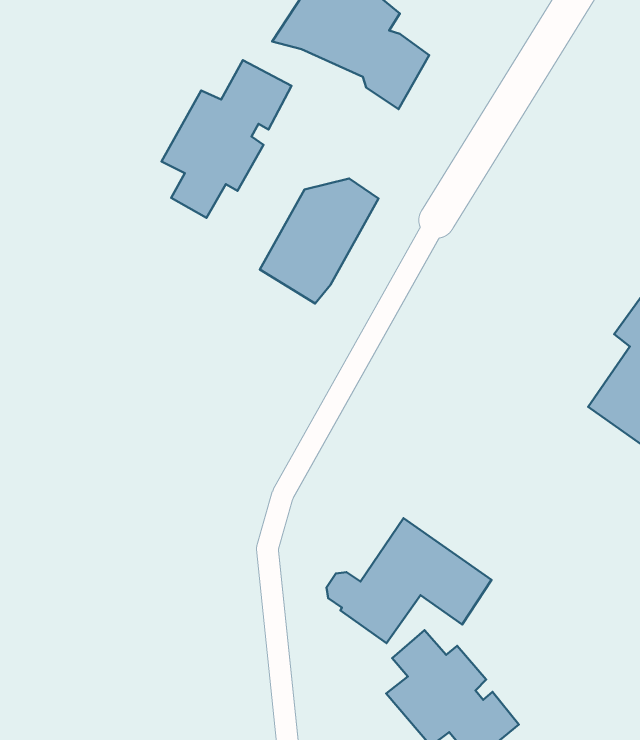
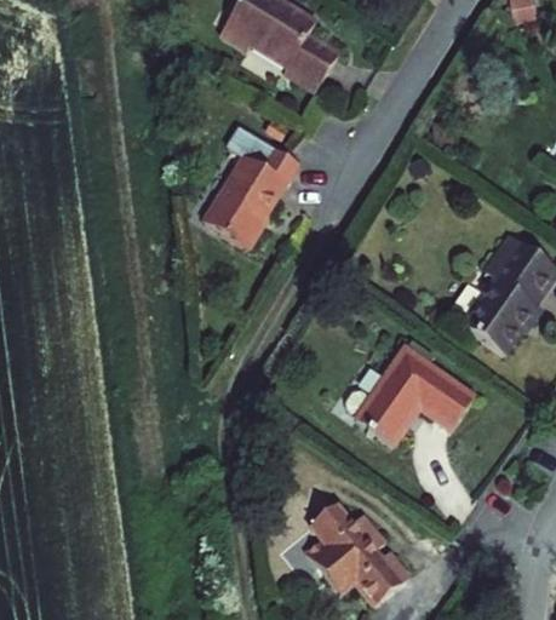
building: [162,60,292,218] -> none
building: [327,518,491,643] -> [345,346,475,444]

